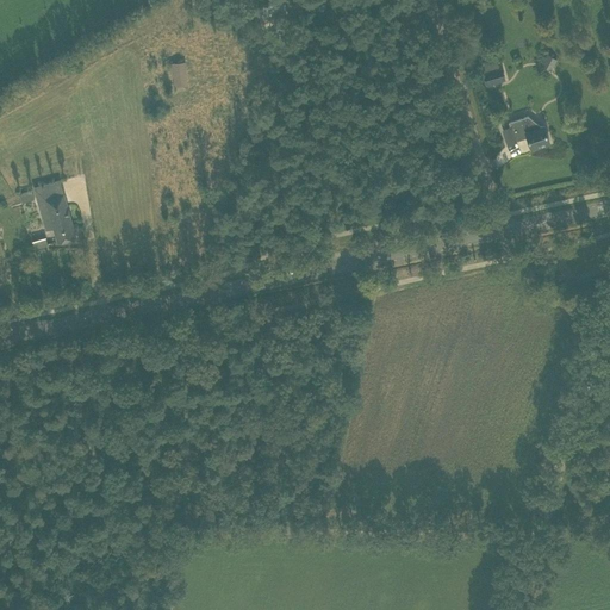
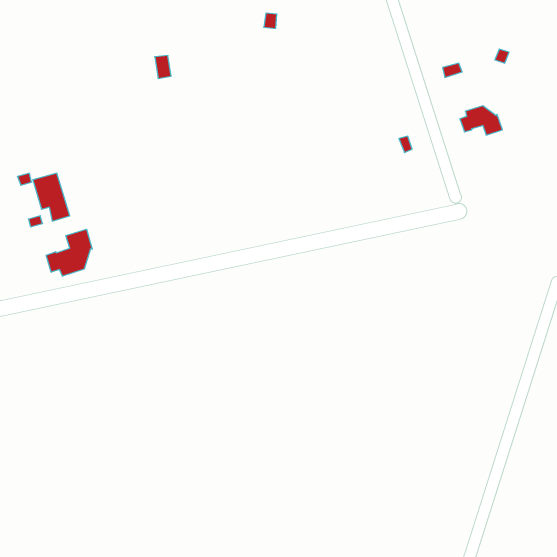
building: none -> [46,229,92,276]

